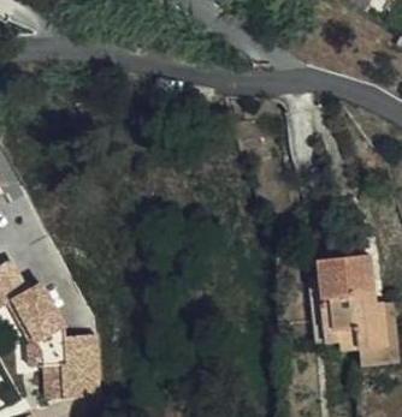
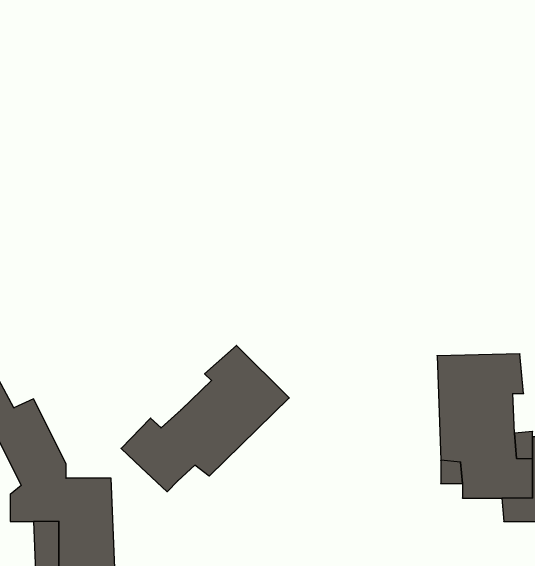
building: none -> [121,345,289,492]

